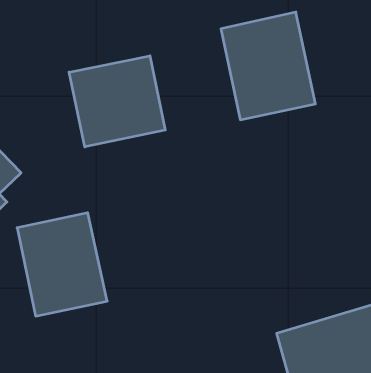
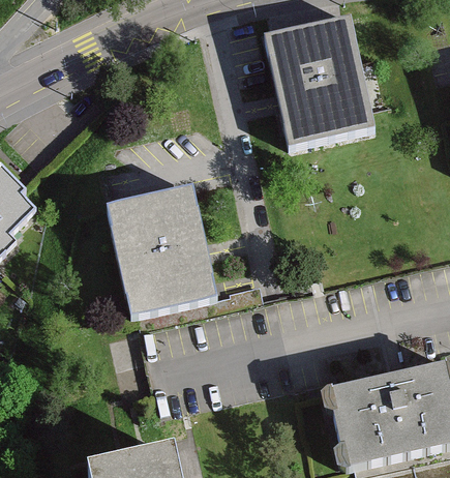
building: [69,56,165,147] -> none
building: [17,213,107,316] -> [109,189,214,310]

